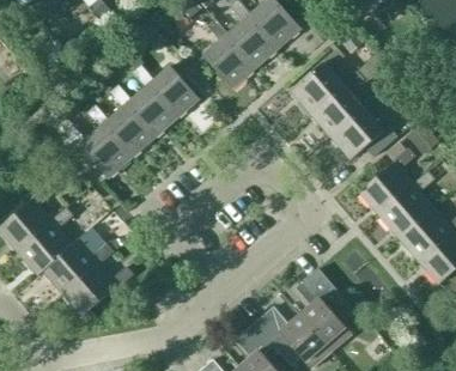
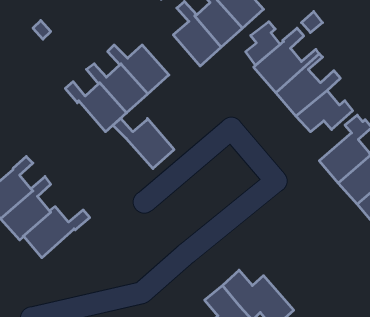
building: none -> [246,22,280,65]
building: [63,126,129,180] -> [113,118,174,169]
building: [61,263,133,317] -> none
building: [296,269,351,351] -> none

